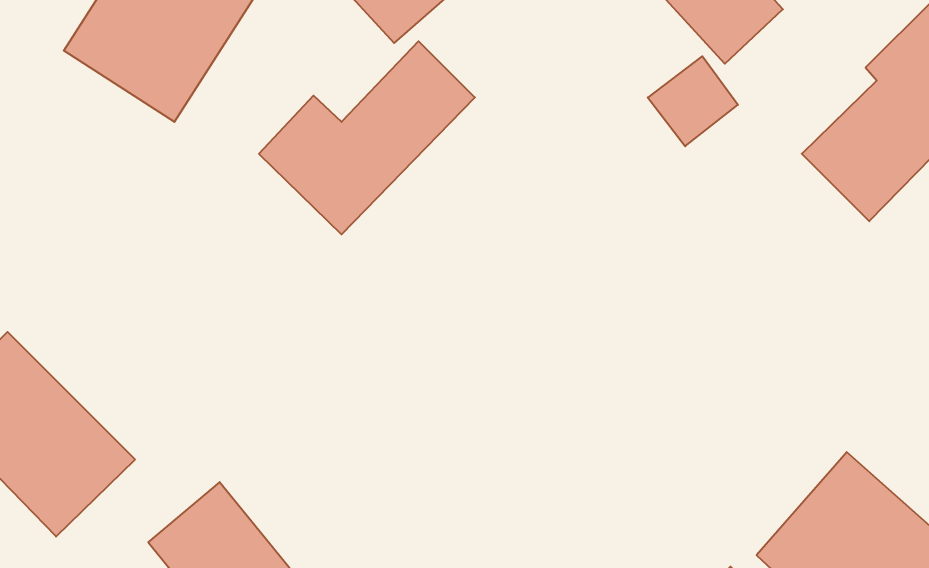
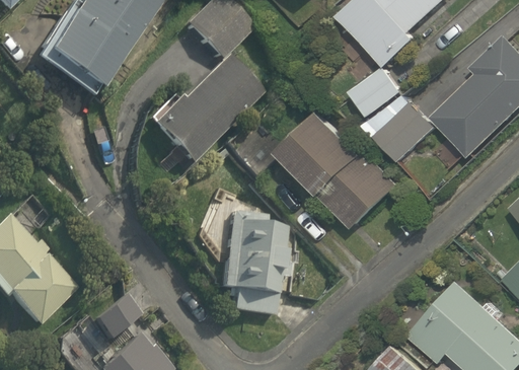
building: none -> [368,92,434,158]
building: none -> [278,112,397,232]
building: none -> [216,219,282,316]

